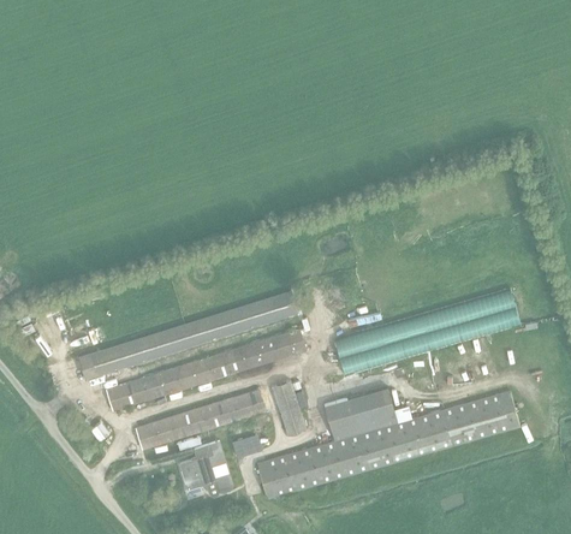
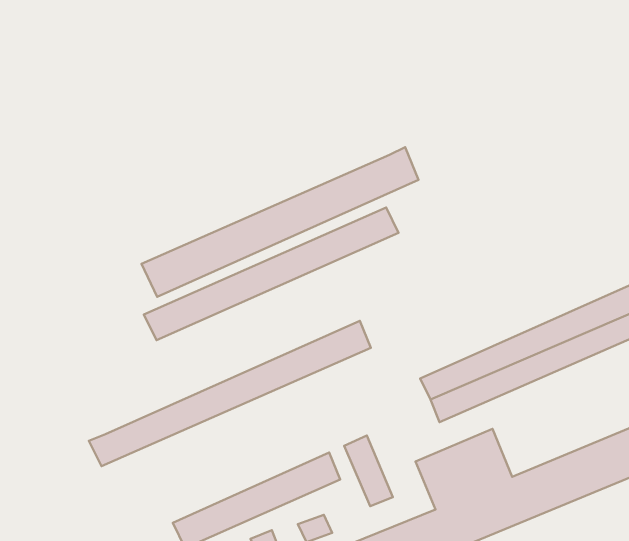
building: none -> [141,147,419,297]
building: [105,328,305,409] -> [144,207,399,340]

